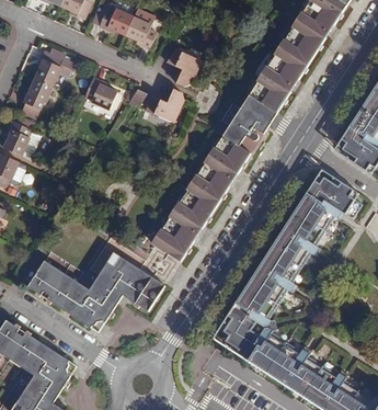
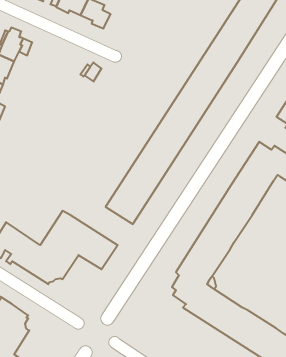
building: [164,47,204,91] -> none
building: [83,77,117,110] -> none
building: [145,91,182,125] -> none

